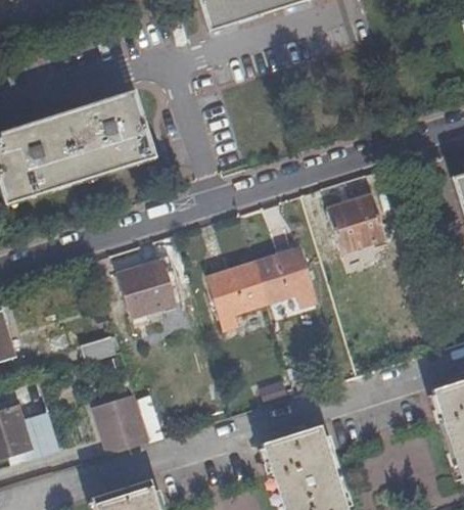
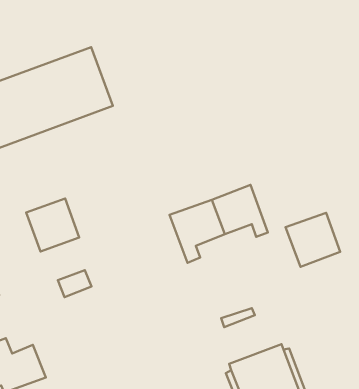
building: [326,195,385,253] -> [286,213,340,267]
building: [119,261,176,318] -> [26,199,79,251]
building: [94,393,150,454] -> none

